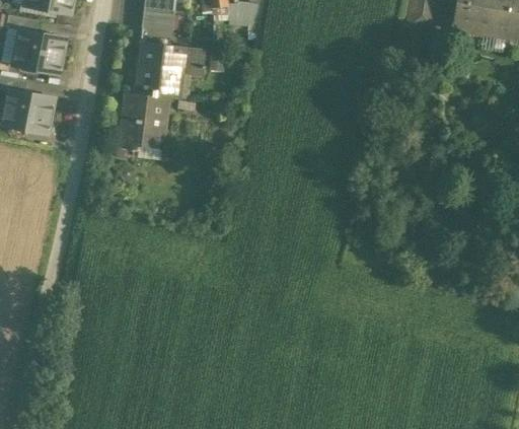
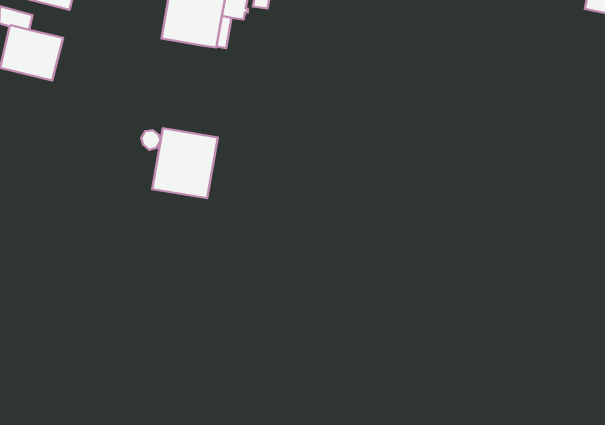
building: [119,92,170,148] -> [152,128,218,198]

